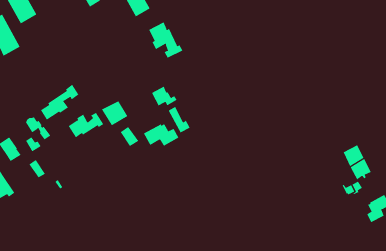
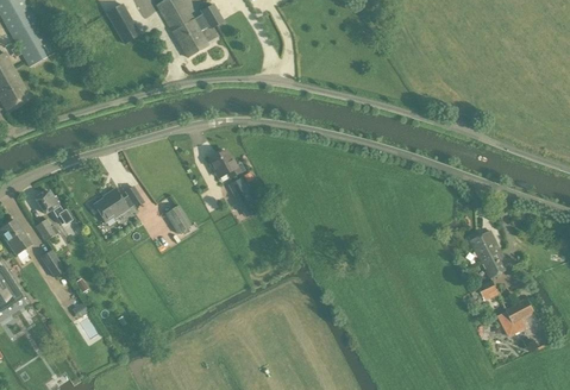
building: [148,22,183,59] -> none
building: [40,84,79,121] -> none
building: [101,100,128,126] -> none
building: [143,123,179,147] -> none

